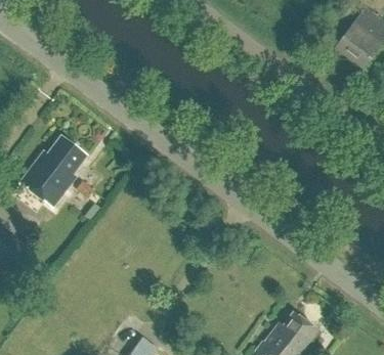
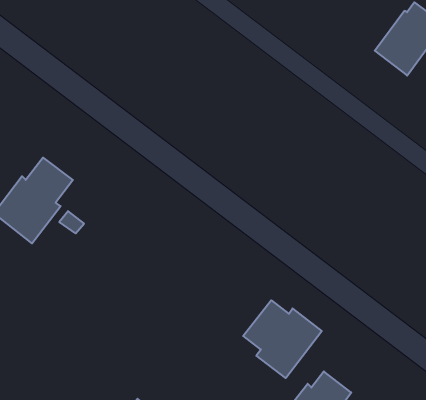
building: none -> [243,300,322,378]

